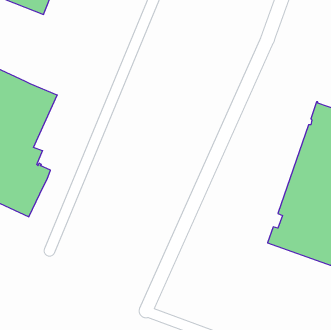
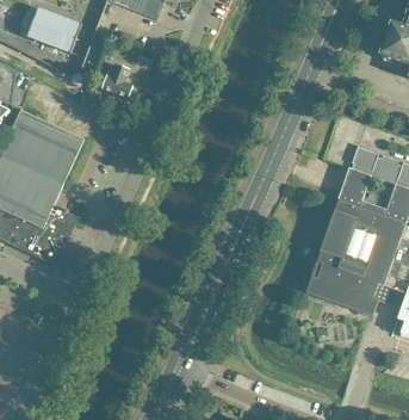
building: none -> [100,62,132,99]

